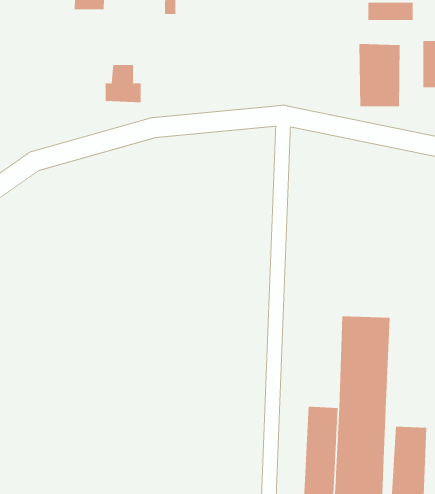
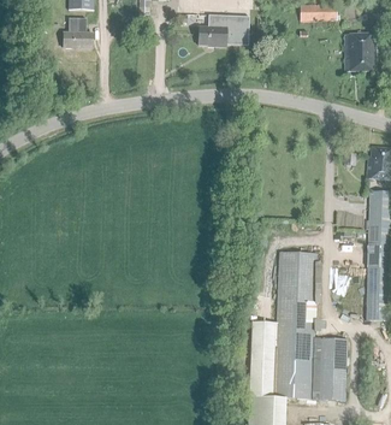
building: none -> [197,11,242,46]
building: [359,43,400,107] -> none
building: [105,65,141,103] -> [64,17,93,47]

